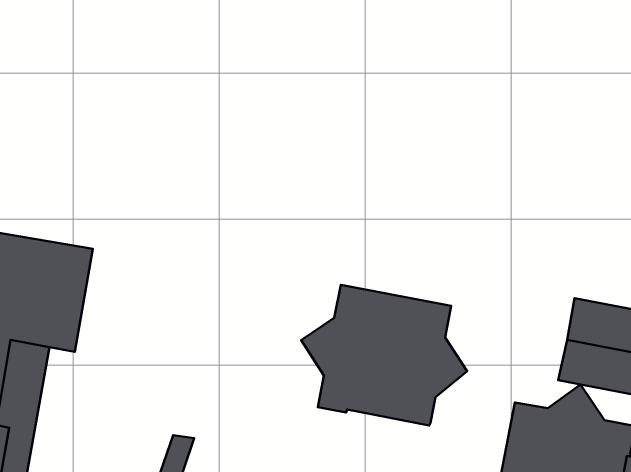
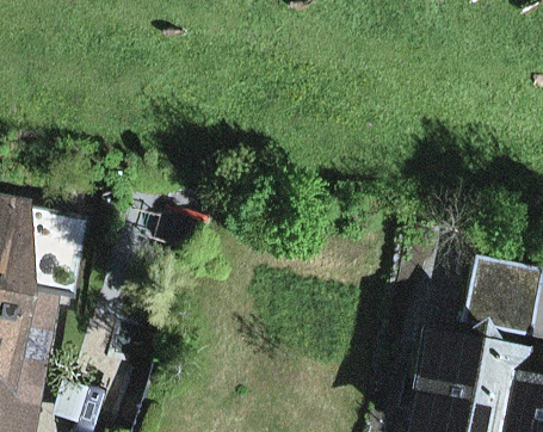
building: [301,285,467,426] -> none

